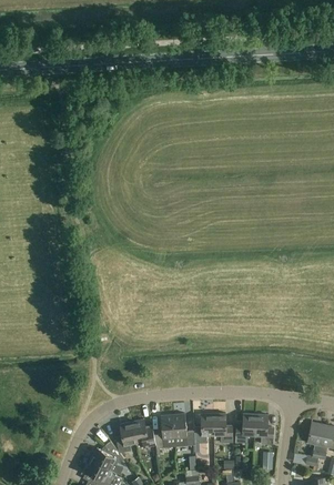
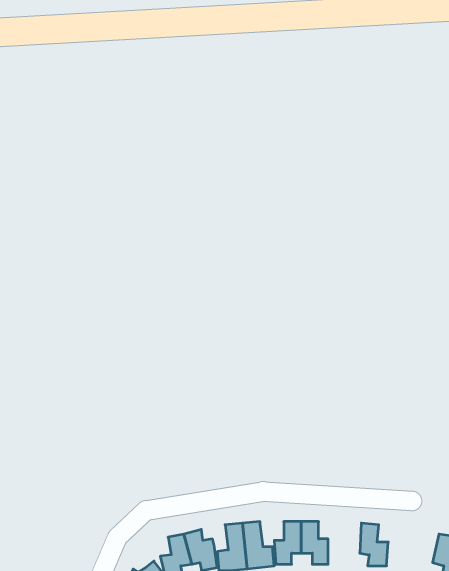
building: [235,414,256,444] -> none

